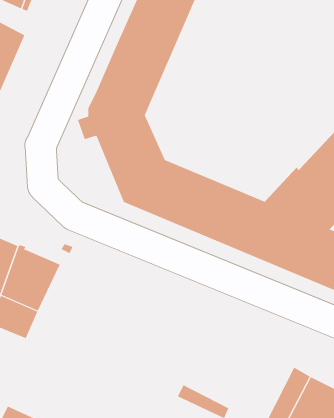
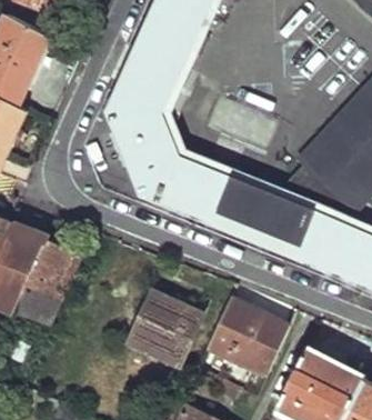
building: none -> [130,292,202,366]
building: none -> [203,302,286,380]

